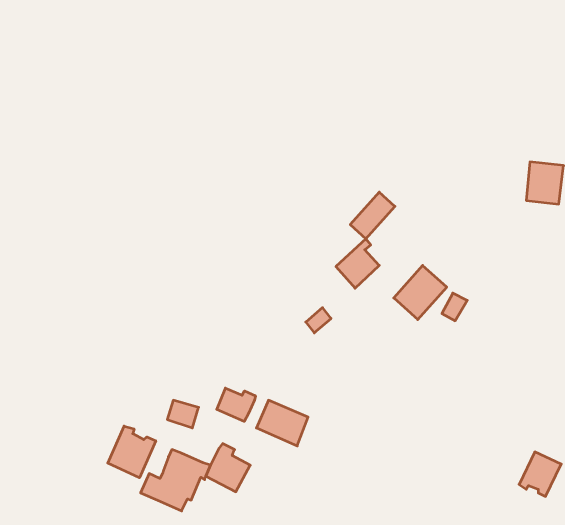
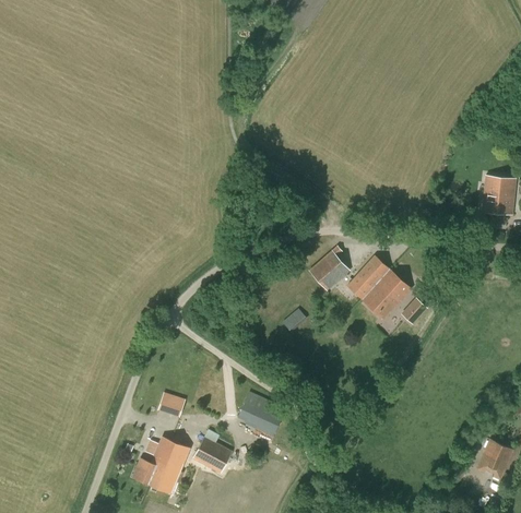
building: [350,192,395,239] -> [348,257,389,299]
building: [217,388,255,421] -> none
building: [108,426,156,478] -> none

